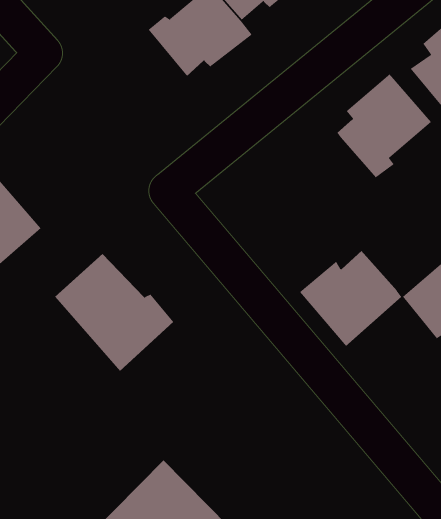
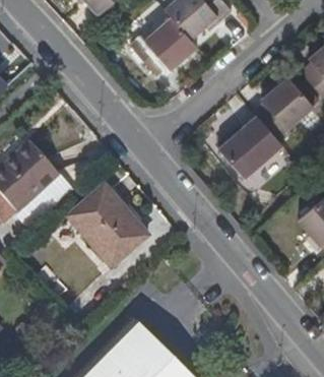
building: [299,250,402,347] -> [213,114,280,177]

